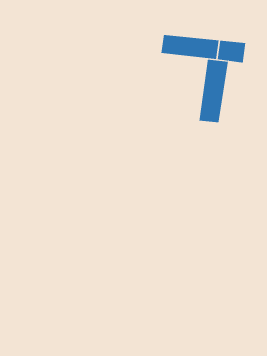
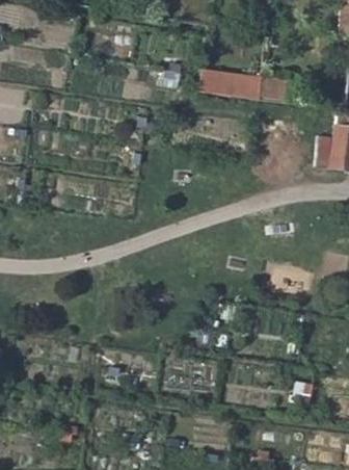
building: [199,59,228,123] -> none

